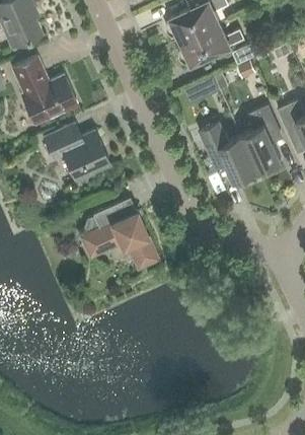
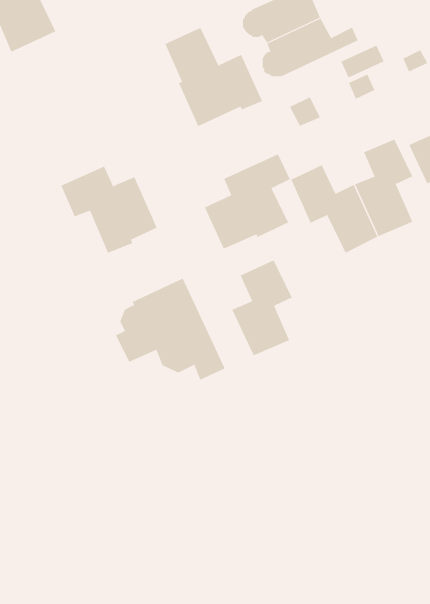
building: [12,57,78,124] -> [164,27,263,127]
building: none -> [204,154,291,250]
building: none -> [232,260,292,356]

